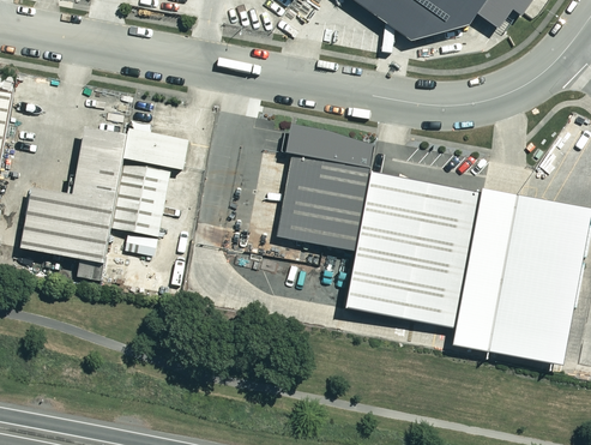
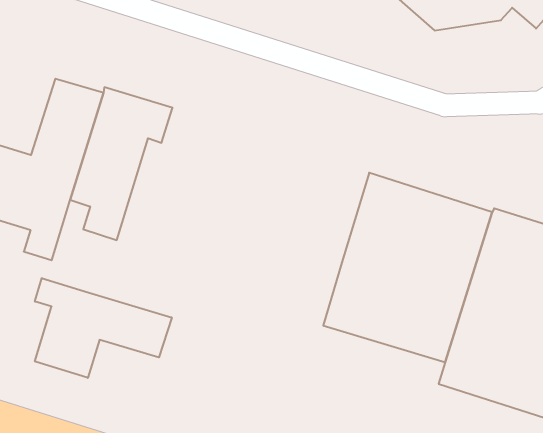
building: [276,124,373,251] -> none
building: none -> [35,278,172,378]

